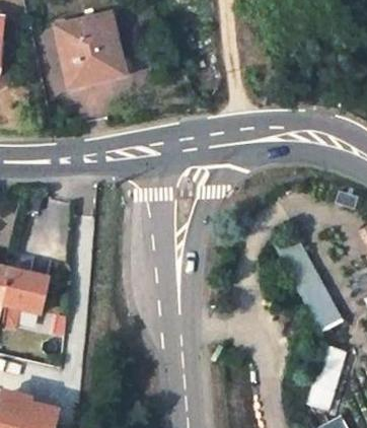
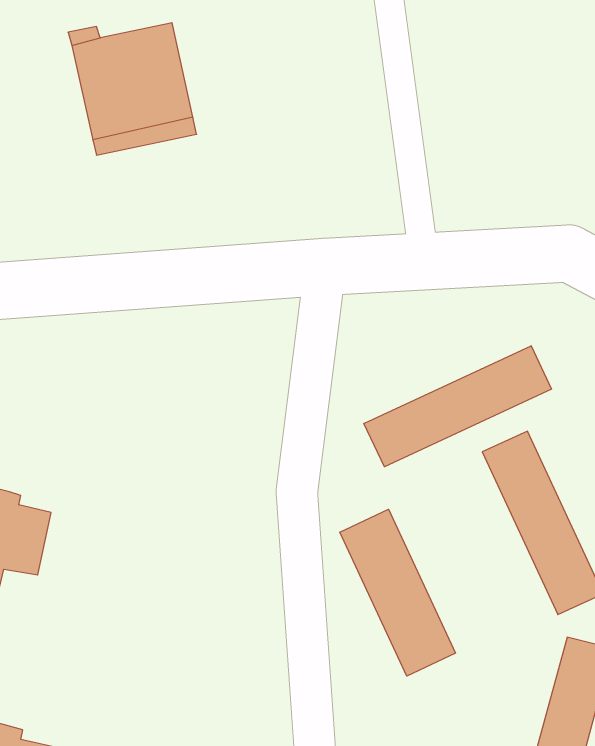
building: none -> [364,346,552,467]
building: none -> [340,509,455,676]

